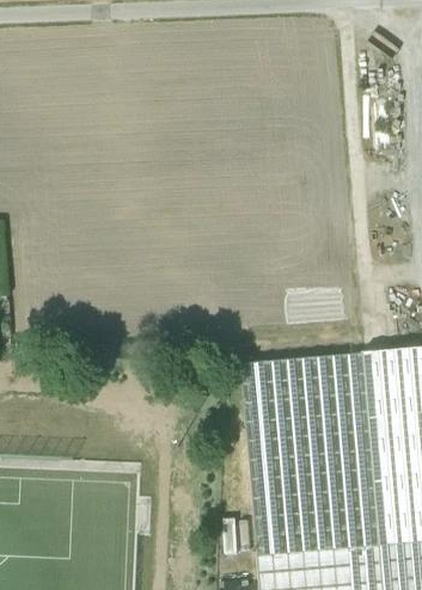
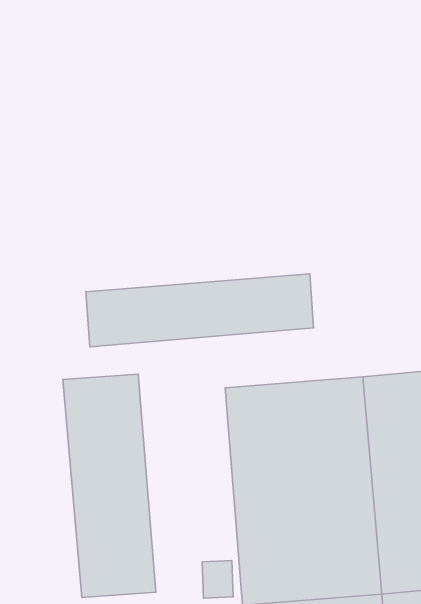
building: none -> [86,274,313,347]
building: none -> [63,374,156,597]

